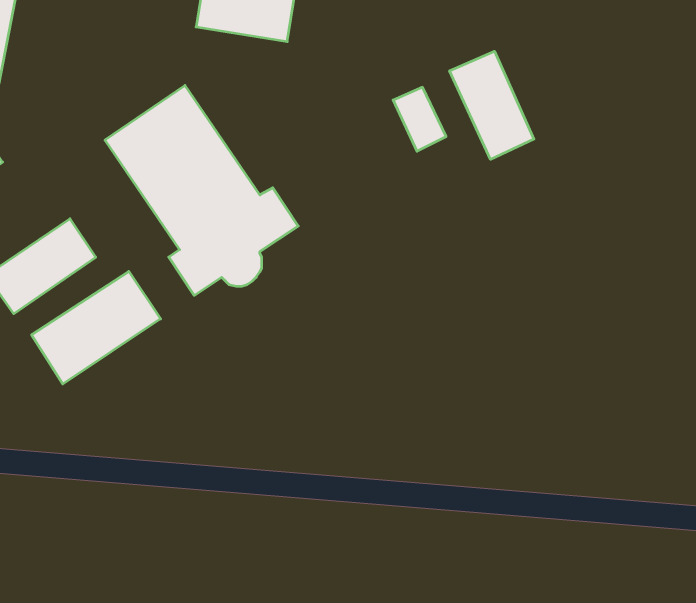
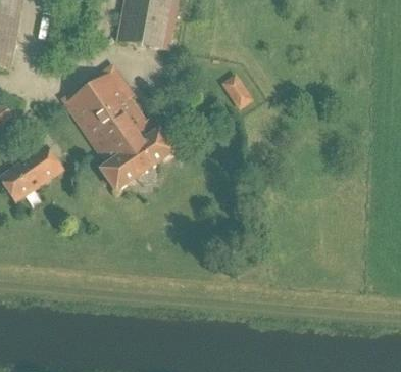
building: [450,51,534,159] -> none
building: [32,271,161,384] -> none

